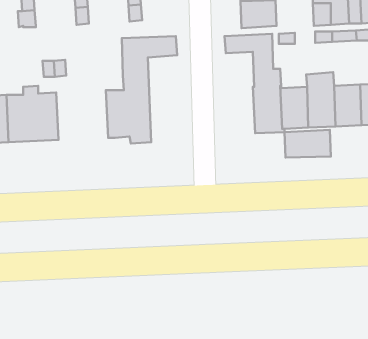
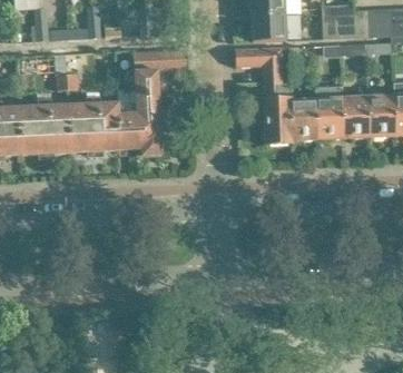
building: none -> [69,97,120,151]
building: [285,130,331,158] -> none

